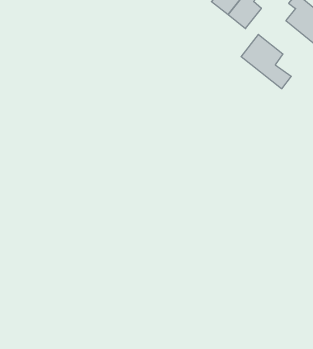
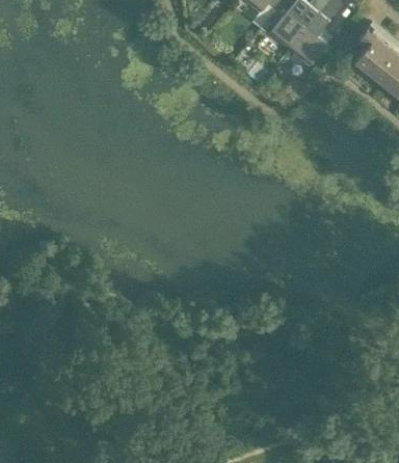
building: [241,34,291,89] -> none

